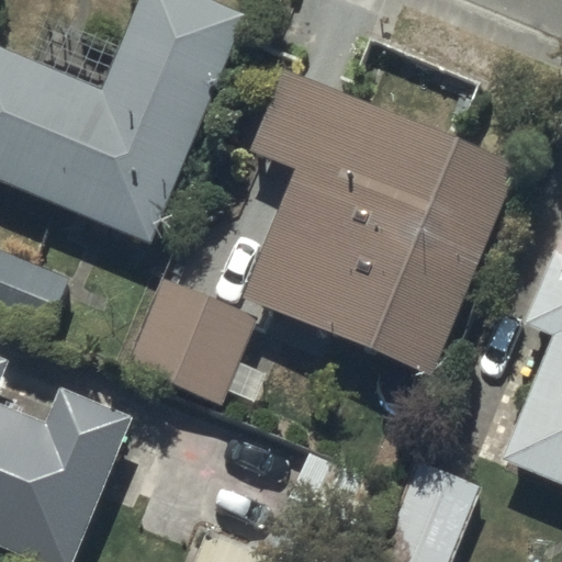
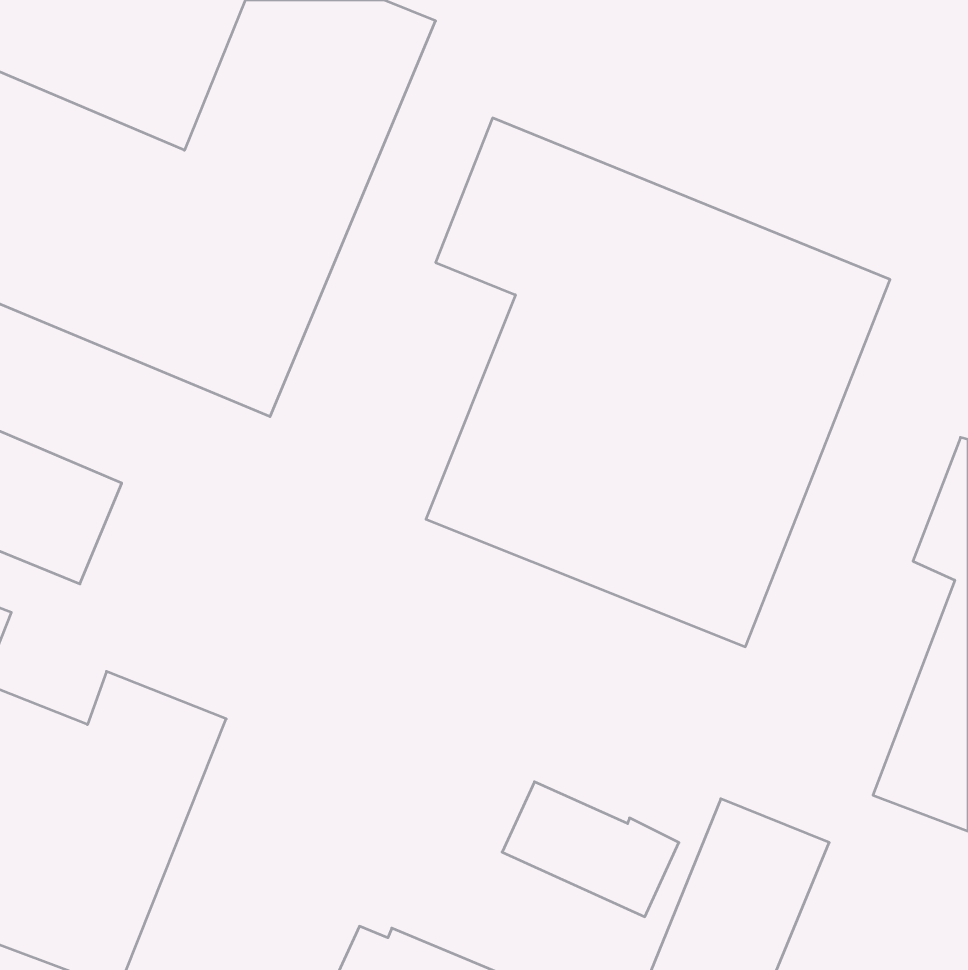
building: [132,282,265,405] -> none

